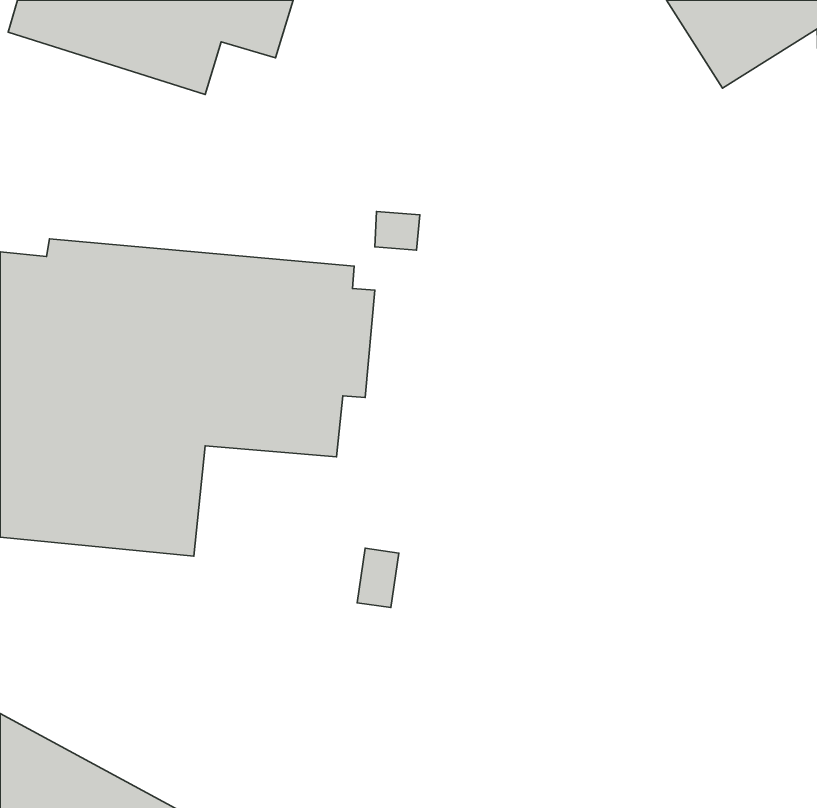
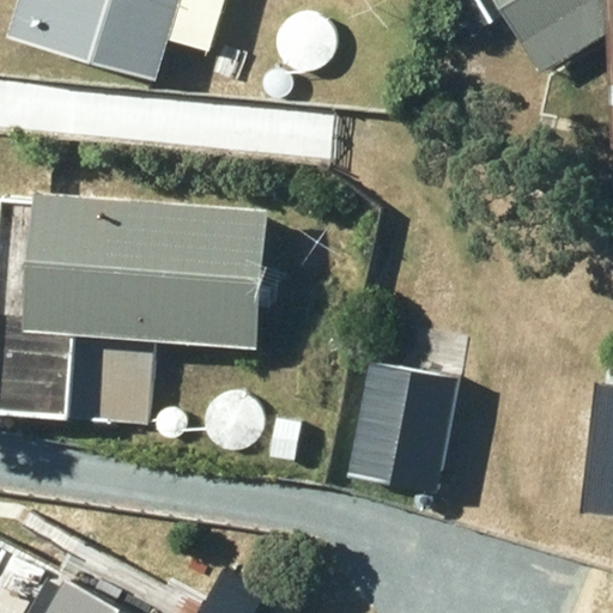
building: none -> [346,363,456,492]

